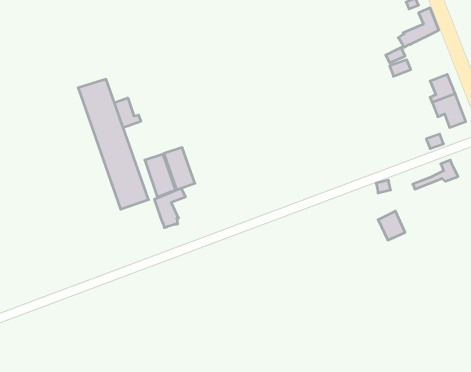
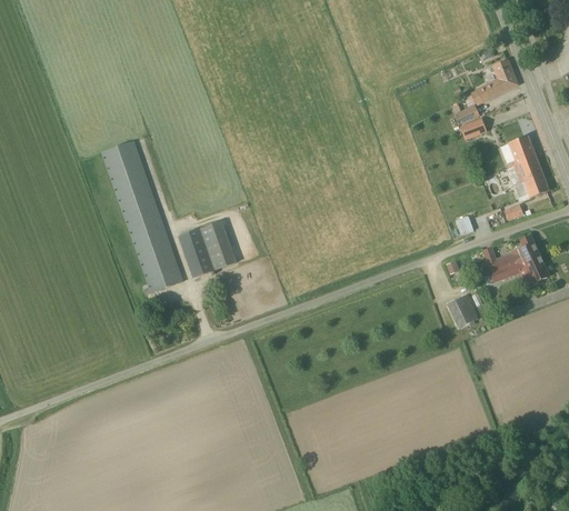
building: [115,98,141,128] -> none
building: none -> [490,253,550,281]
building: [155,188,185,228] -> none

